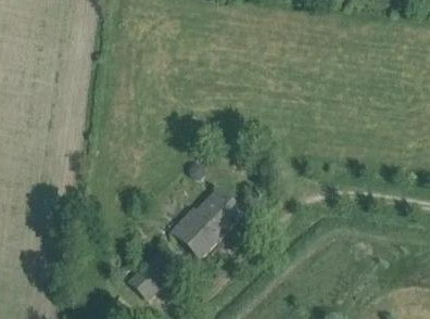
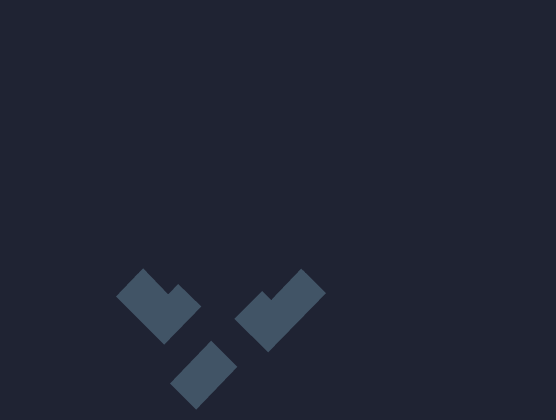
building: none -> [115,268,202,346]

